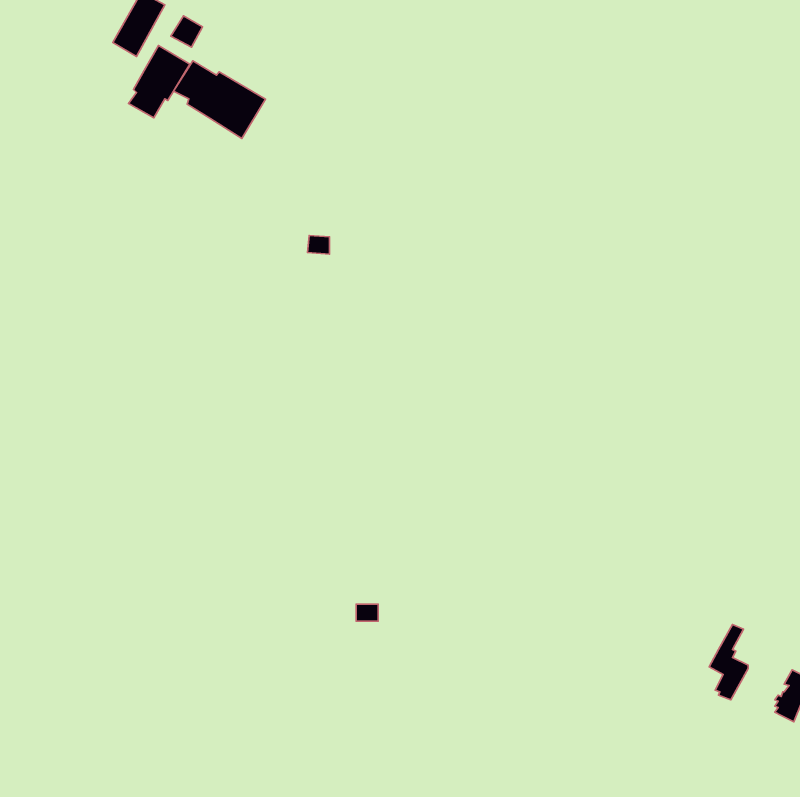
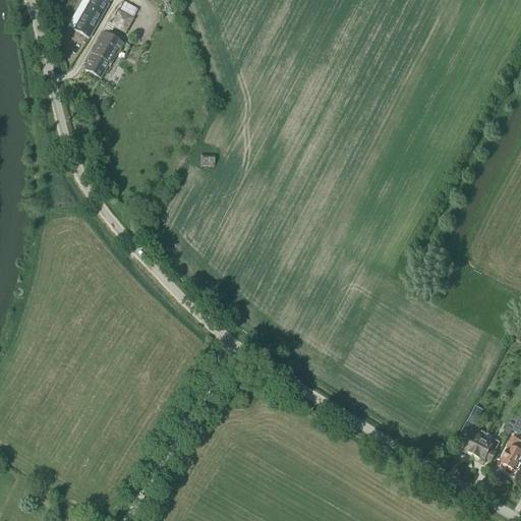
building: [173,61,266,139] -> none
building: none -> [475,431,501,460]

